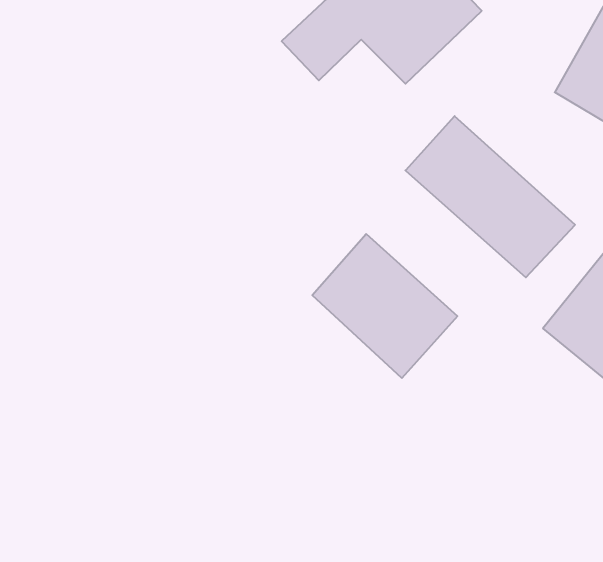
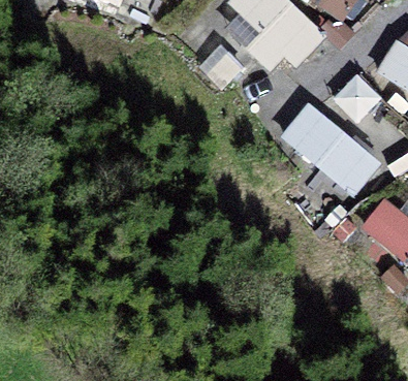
building: [312,234,457,378] -> none

